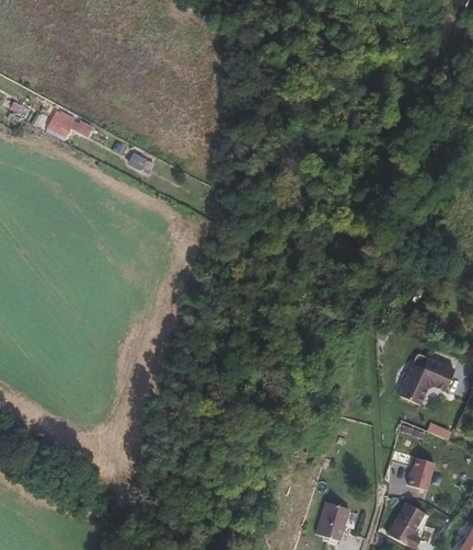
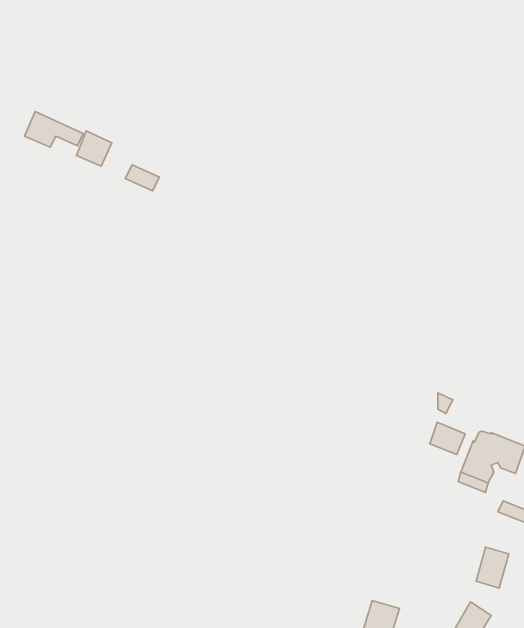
building: none -> [77,131,112,166]
building: none -> [430,422,465,454]

